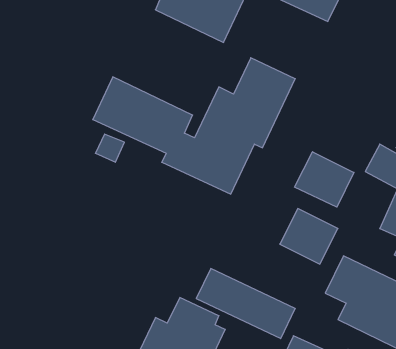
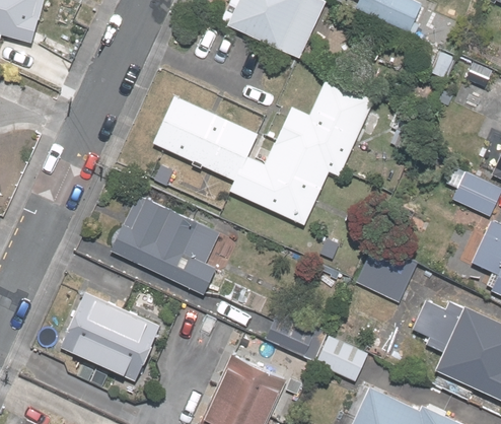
building: [295,152,354,207] -> none
building: none -> [106,196,232,295]
building: none -> [66,290,160,379]

